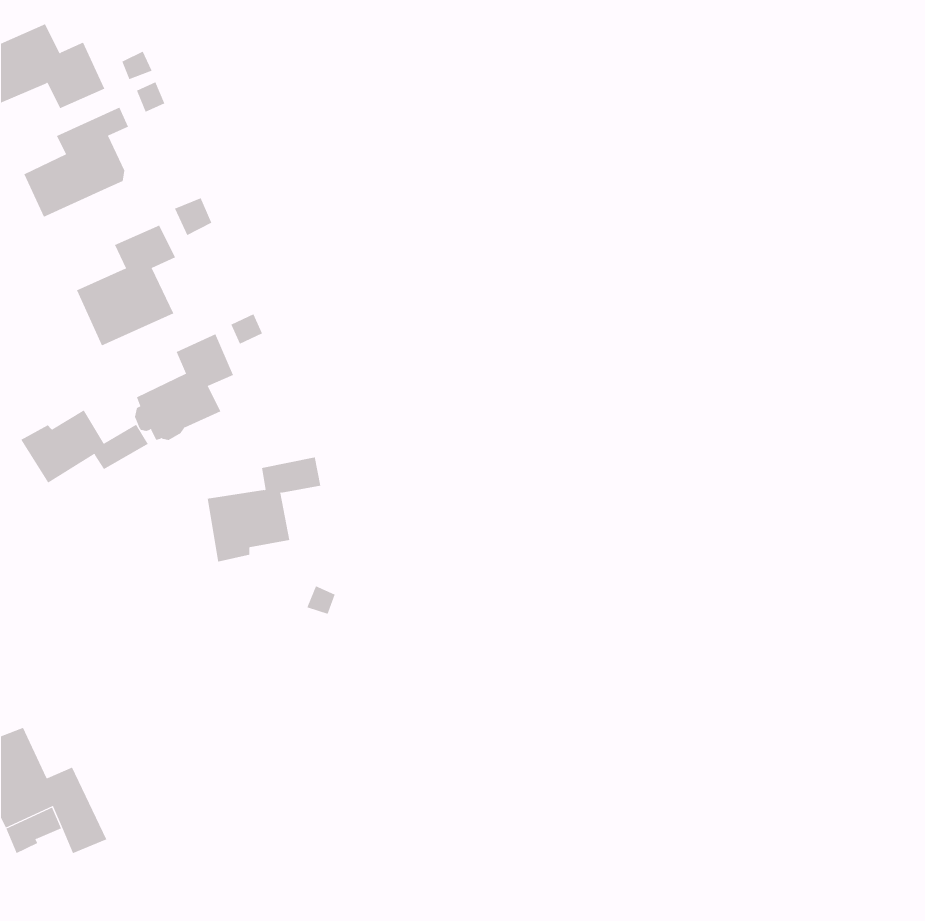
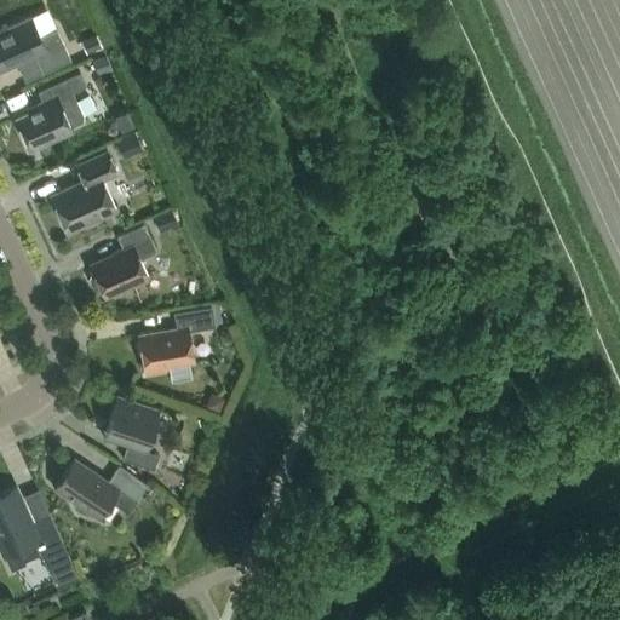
building: [21,410,148,484] -> none
building: none -> [104,398,160,472]
building: none -> [54,460,148,521]

